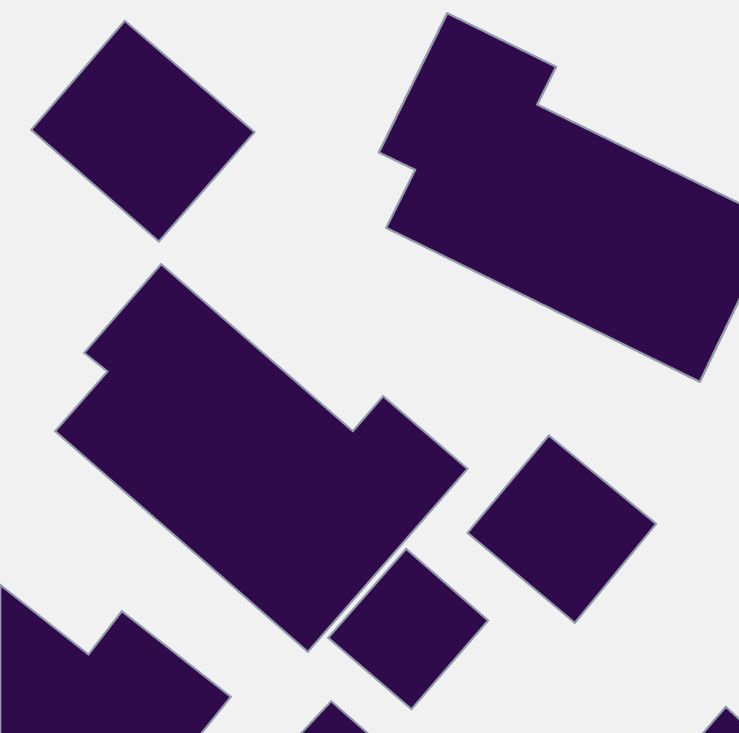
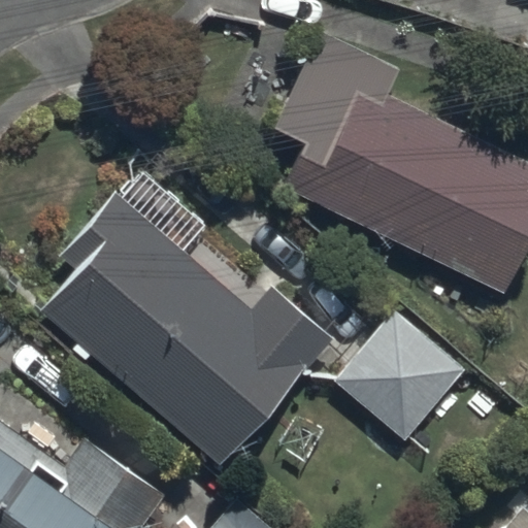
building: [31,21,254,241] -> none
building: [328,549,488,709] -> none

